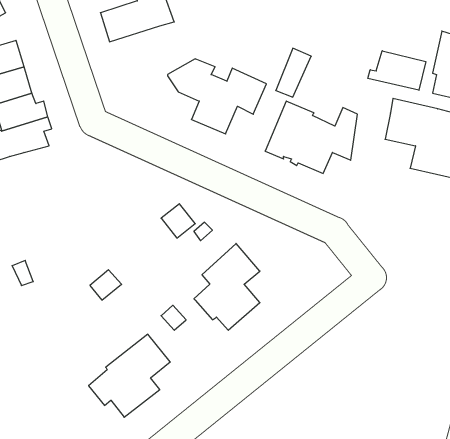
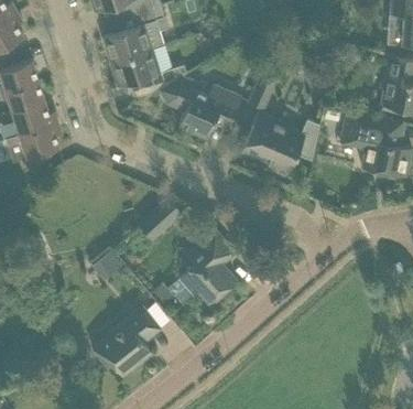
building: none -> [110,50,186,90]
building: [368,51,426,90] -> none

